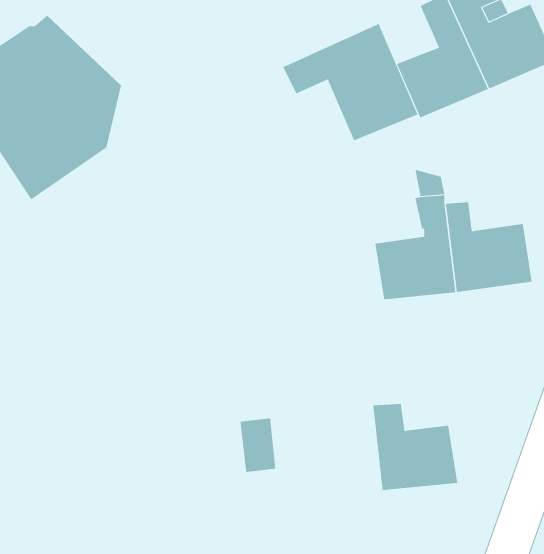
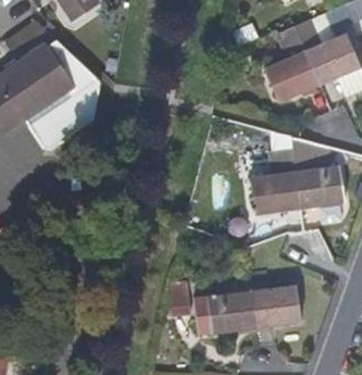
building: [282,23,418,141] -> none
building: none -> [196,274,255,334]

